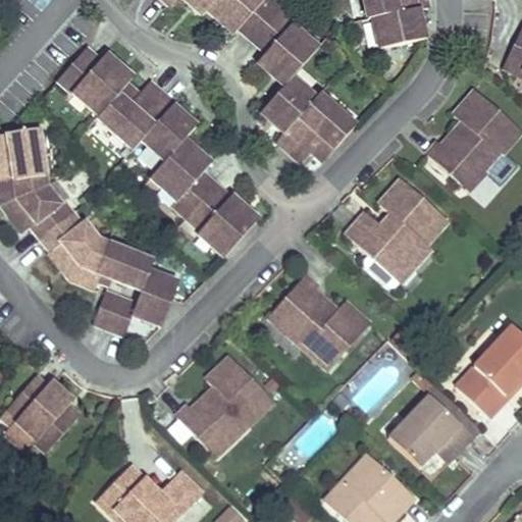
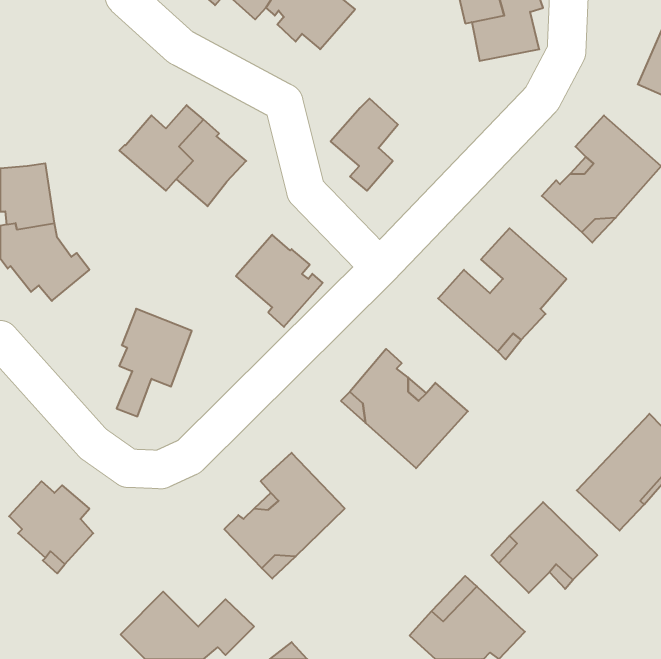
building: [253,7,317,85] -> none
building: [58,47,130,114] -> none
building: [290,94,354,161] -> none
building: [149,143,215,217] -> none
building: [41,212,108,288] -> none
building: [109,270,177,333] -> none

